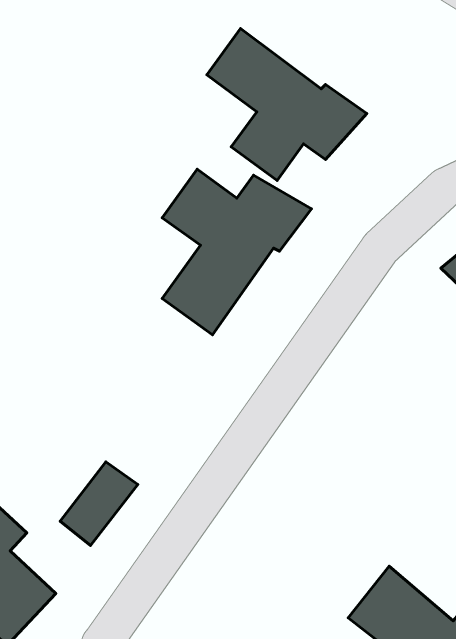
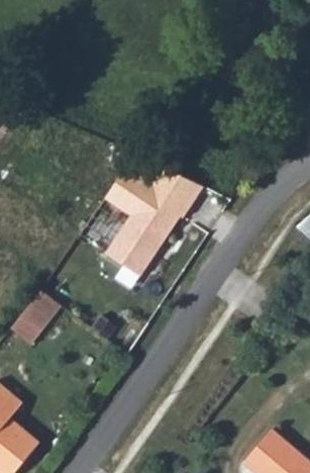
building: [207,28,367,180] -> none
building: [60,462,138,545] -> [12,288,64,344]

